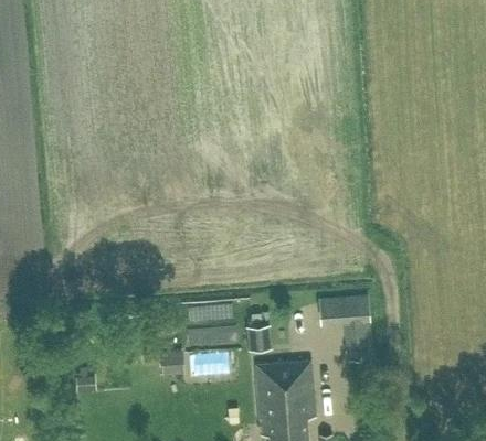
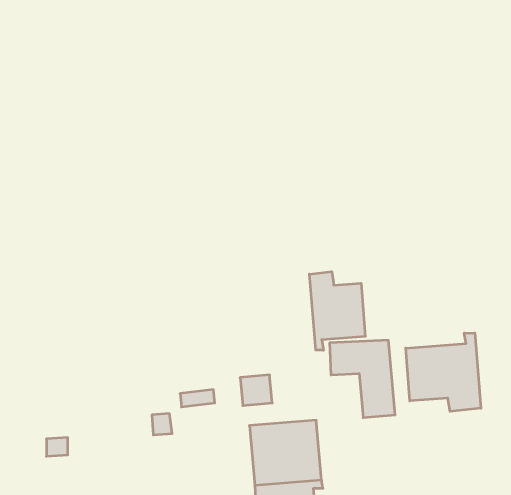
building: none -> [309,272,365,350]
building: none -> [406,333,481,411]

